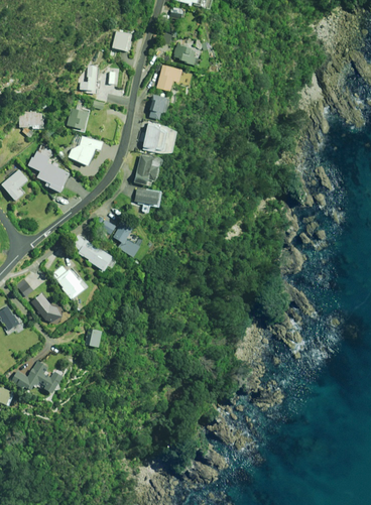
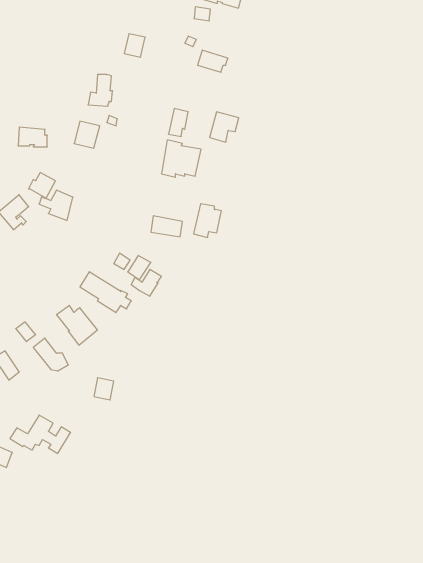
building: [156,65,181,91] -> [210,112,239,142]
building: [69,135,103,165] -> none
building: [134,155,158,184] -> [194,204,221,237]

